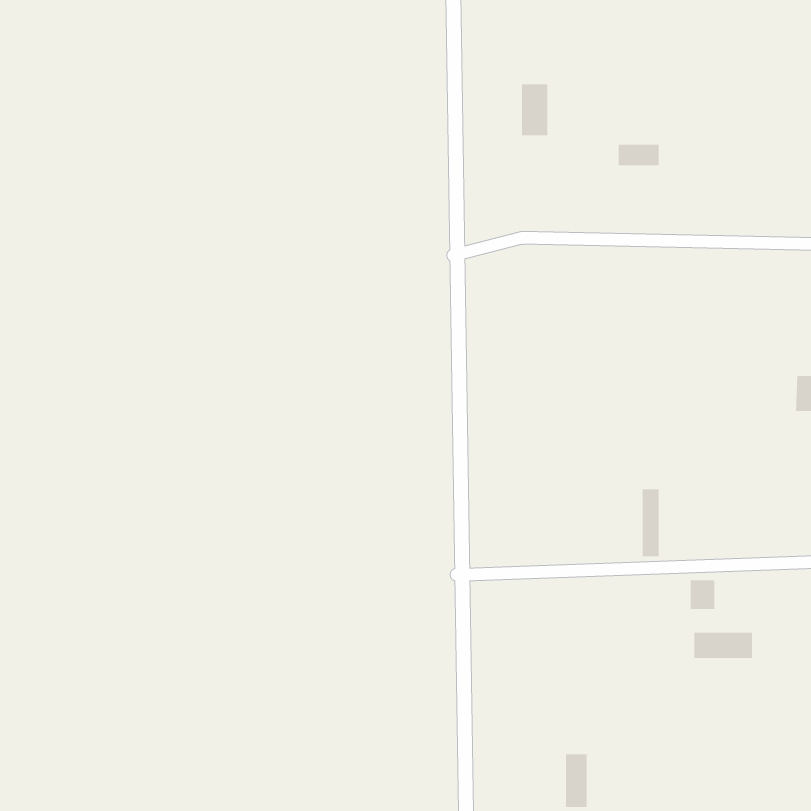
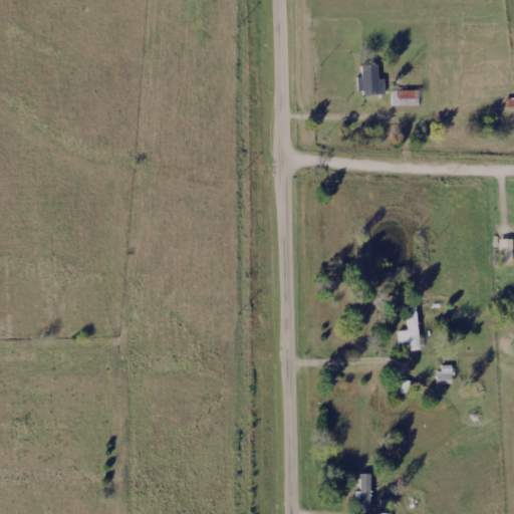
building: [521,83,548,136] -> [360,62,377,95]
building: [693,632,753,659] -> none

